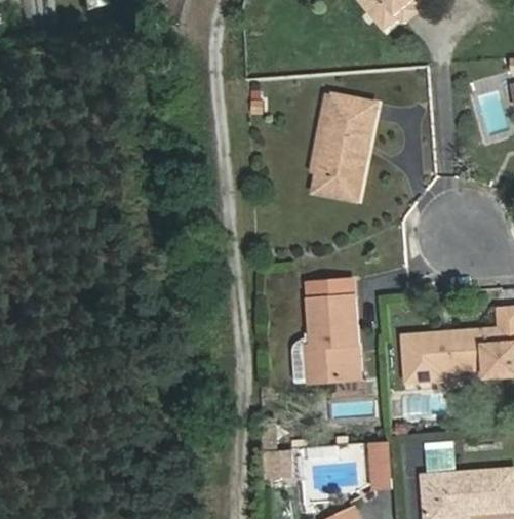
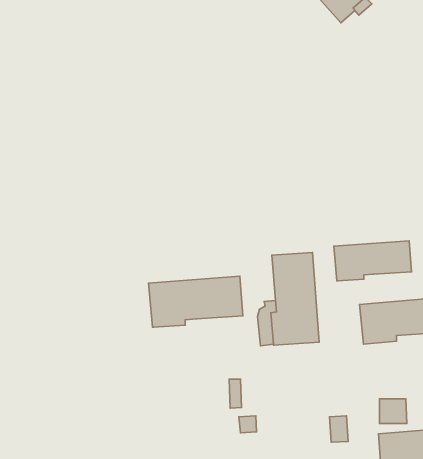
building: [314,96,374,198] -> none
building: none -> [334,241,412,281]
building: none -> [149,276,243,327]

